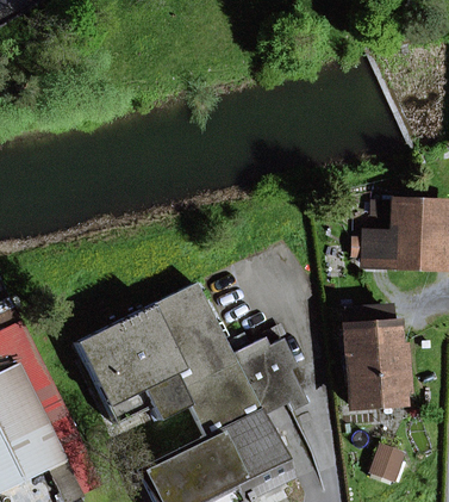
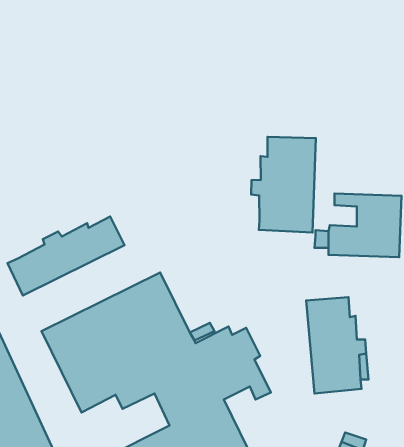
building: none -> [251,137,316,232]
building: none -> [7,216,125,296]

